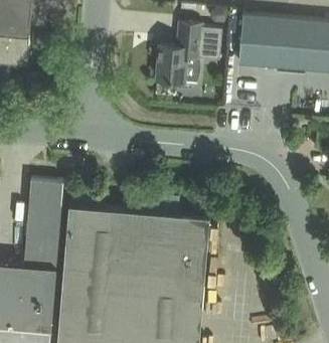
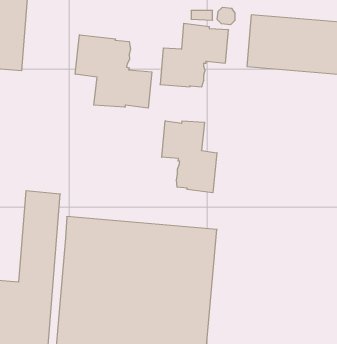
building: none -> [75,35,152,108]
building: none -> [162,121,217,193]

